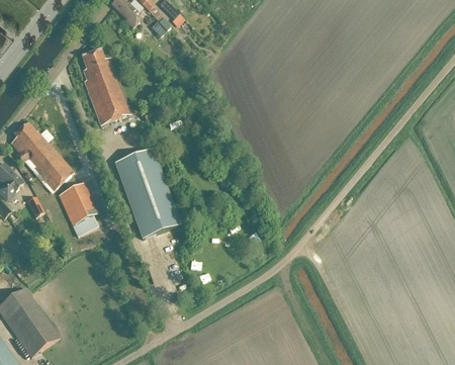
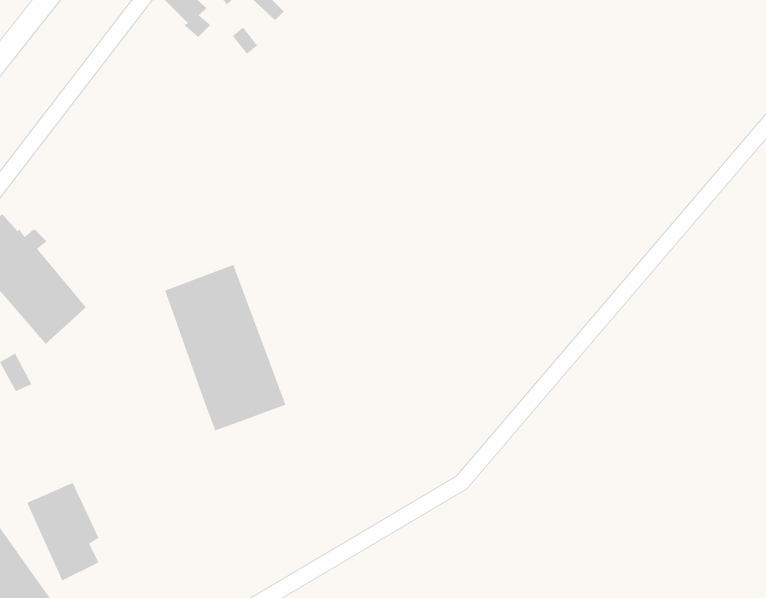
building: [81,50,130,124] -> none
building: [58,183,97,237] -> [26,482,100,582]

